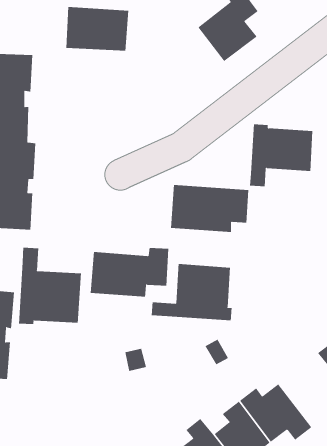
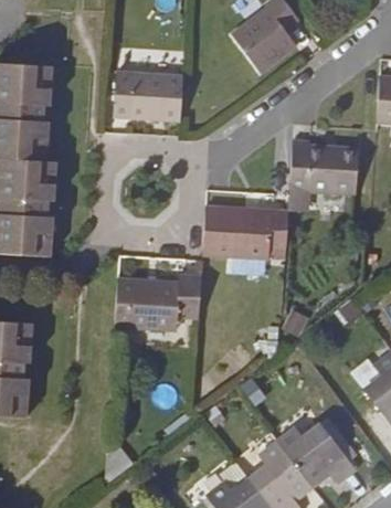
building: [65,6,129,51] -> [114,71,183,119]
building: [19,247,82,325] -> none
building: [151,263,232,321] -> none

